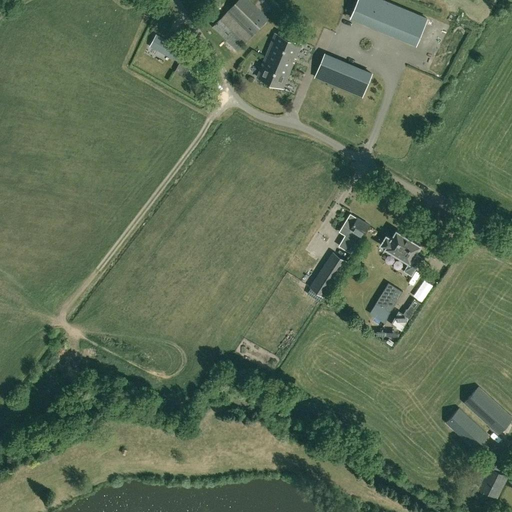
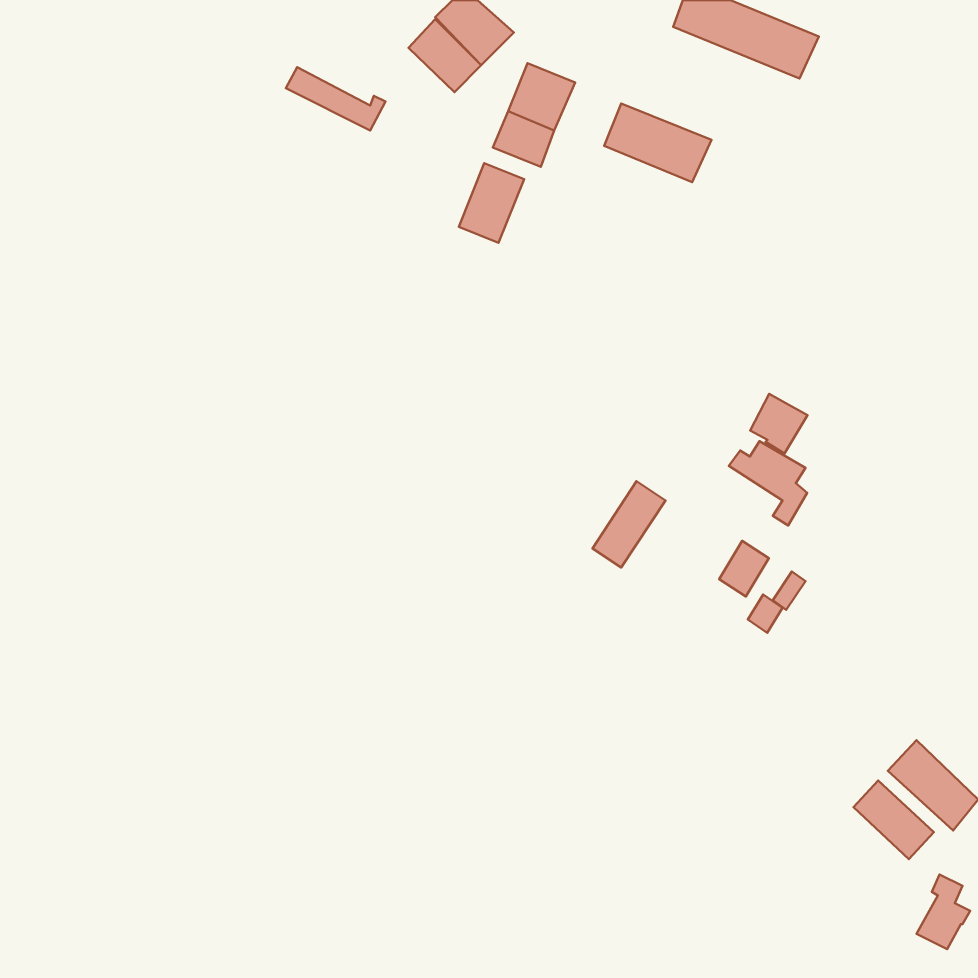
building: none -> [459,163,524,243]
building: [339,213,369,244] -> [750,394,808,453]

